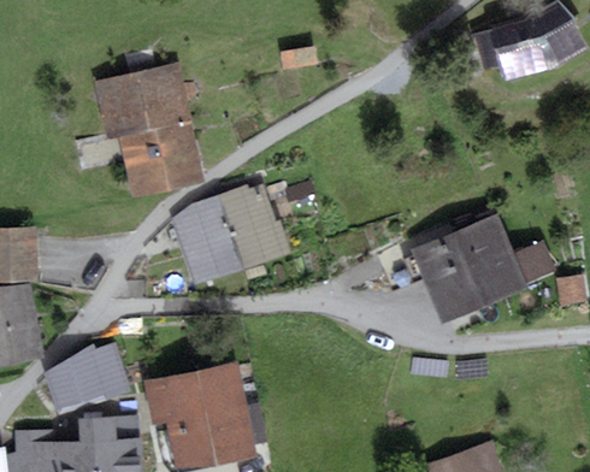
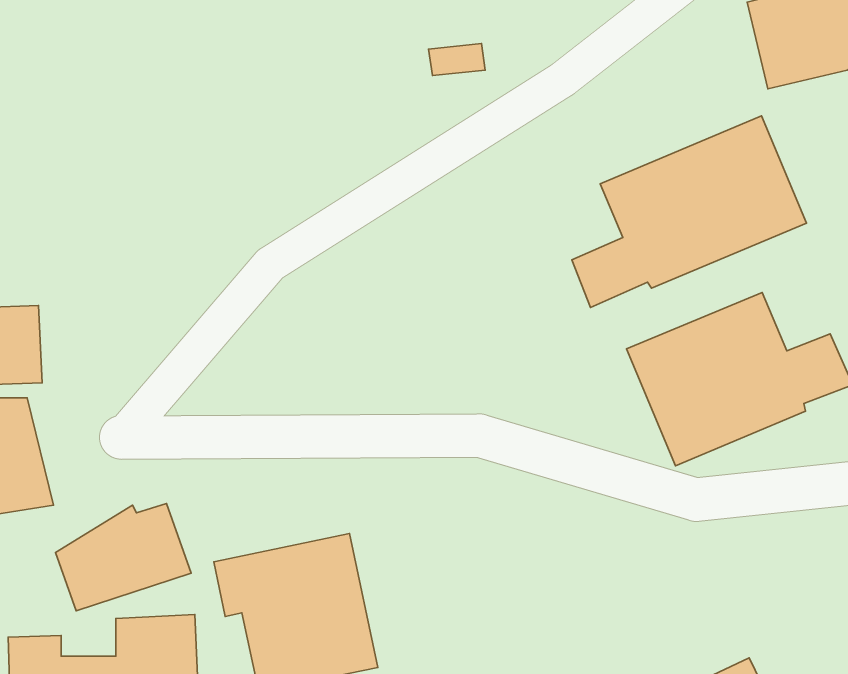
building: [94,53,202,185] -> none
building: none -> [572,116,807,308]
building: [167,184,288,284] -> none

